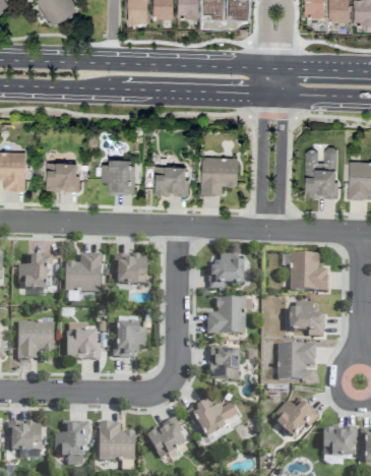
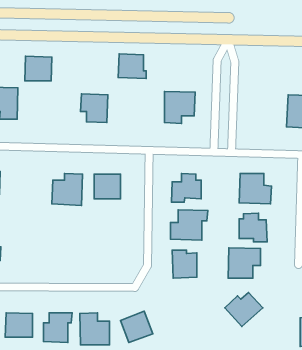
building: [305,146,337,197] -> none
building: [46,161,78,190] -> [25,56,52,81]
building: [154,165,188,194] -> [118,54,146,78]
building: [19,255,54,291] -> none
building: [19,322,54,360] -> none
building: [114,324,147,358] -> none
building: [68,328,101,360] -> none
building: [186,401,239,439] -> none
building: [324,427,356,457] -> none

